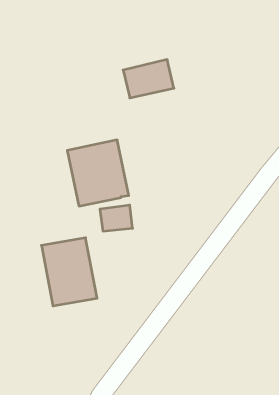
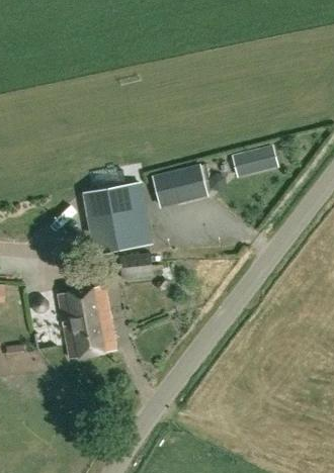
building: [123,60,174,98] -> [154,166,207,206]
building: none -> [230,143,276,173]

